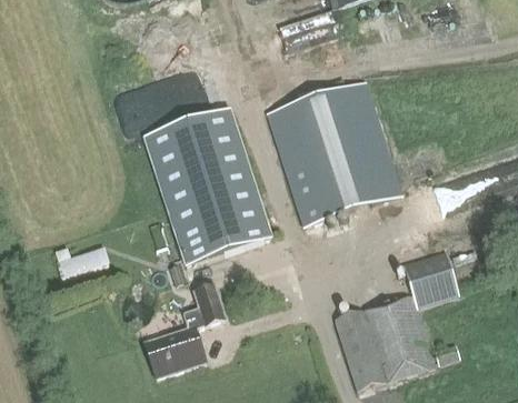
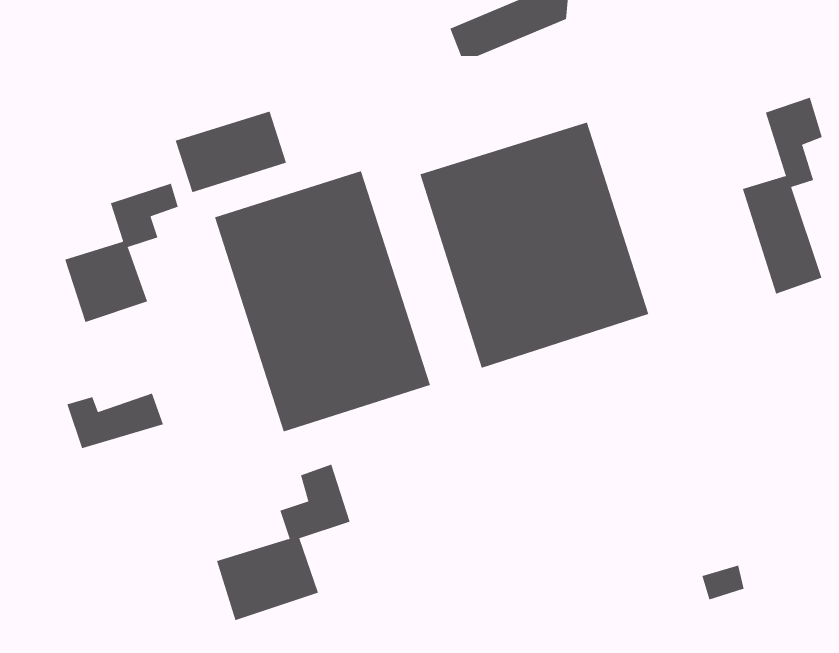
building: none -> [742,97,823,294]
building: none -> [65,183,178,323]
building: [333,248,458,387] -> none

